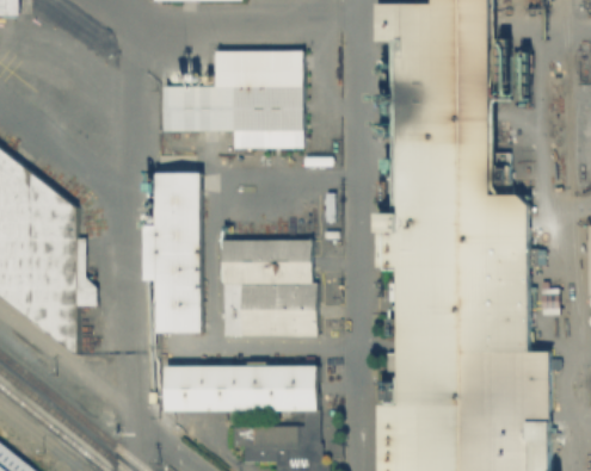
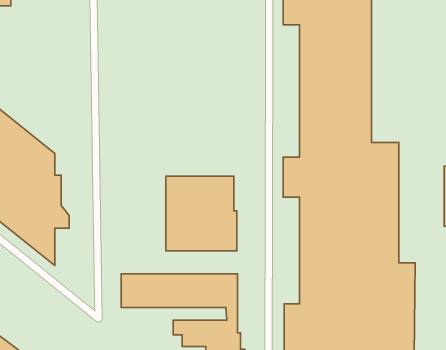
building: [161,50,302,147] -> none
building: [142,172,199,330] -> none

